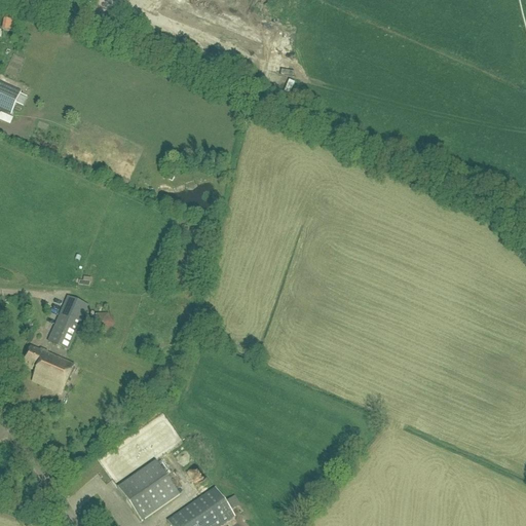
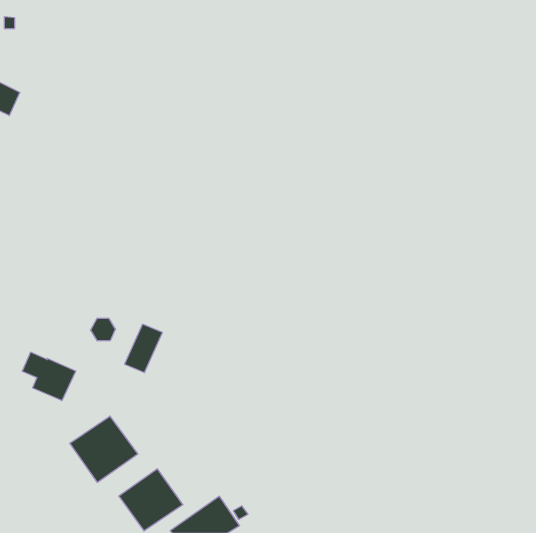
building: [48,299,85,346] -> [125,324,162,373]
building: none -> [70,416,138,482]

